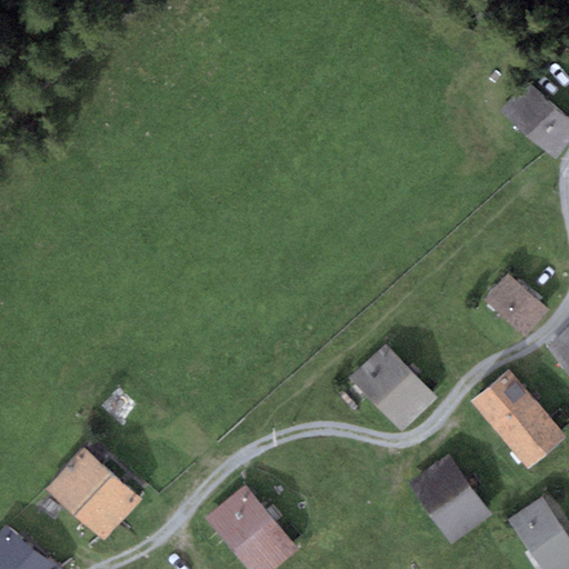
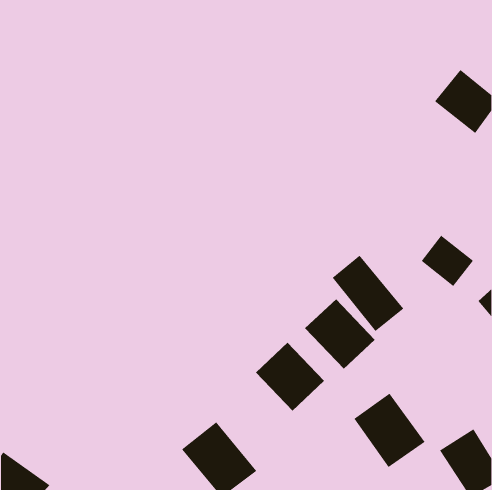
building: [477,377,560,466] -> [332,255,404,332]
building: none -> [255,342,325,411]
building: [48,449,141,540] -> none

